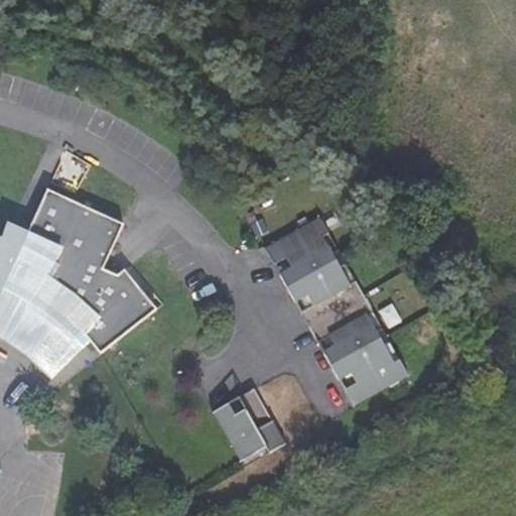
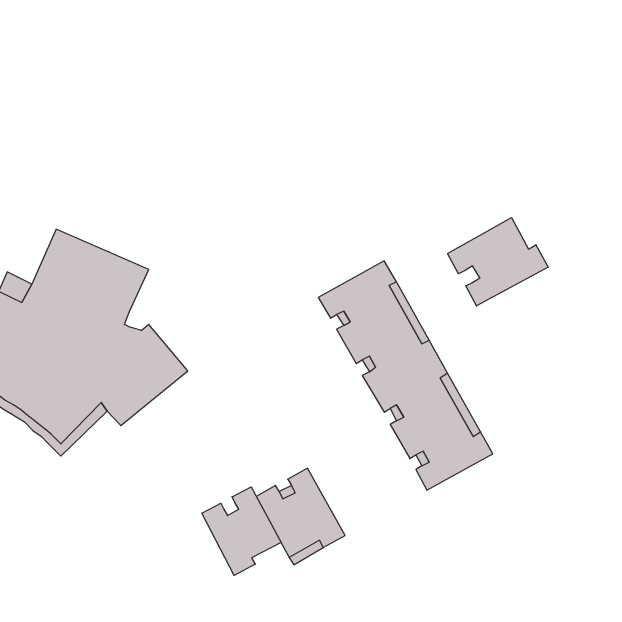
building: none -> [448,218,548,306]
building: none -> [202,487,281,575]

